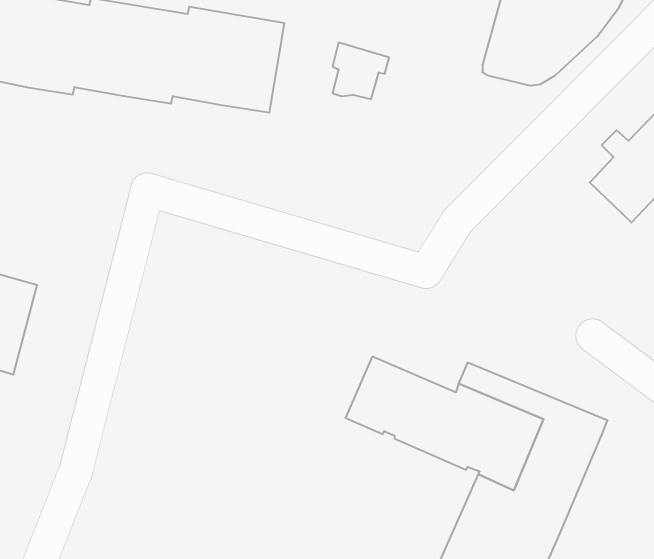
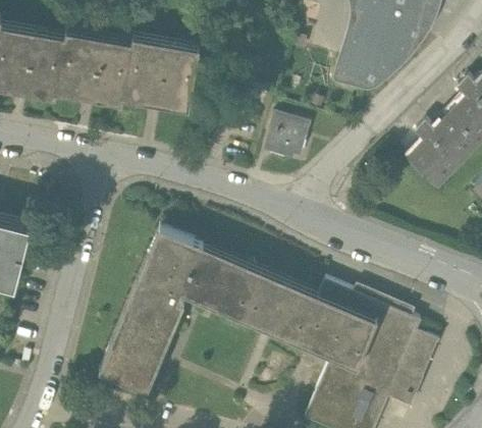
building: [333,43,389,99] -> [268,114,307,153]
building: none -> [99,226,259,390]
building: none -> [387,329,438,407]

